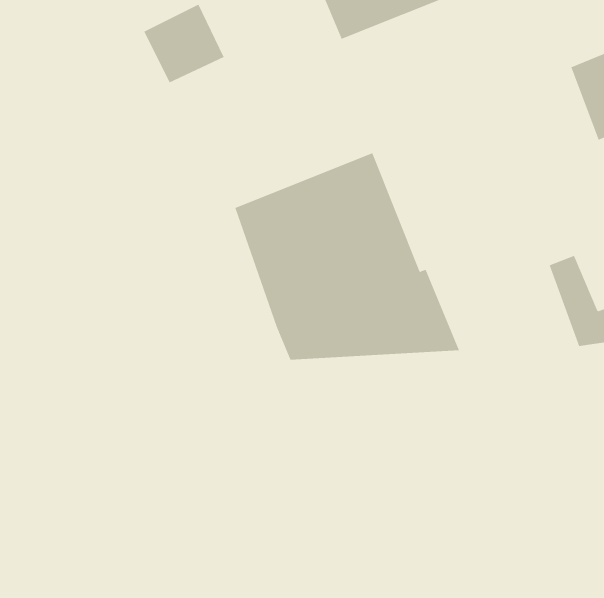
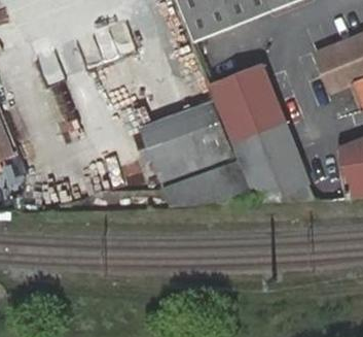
building: none -> [216,72,314,201]

